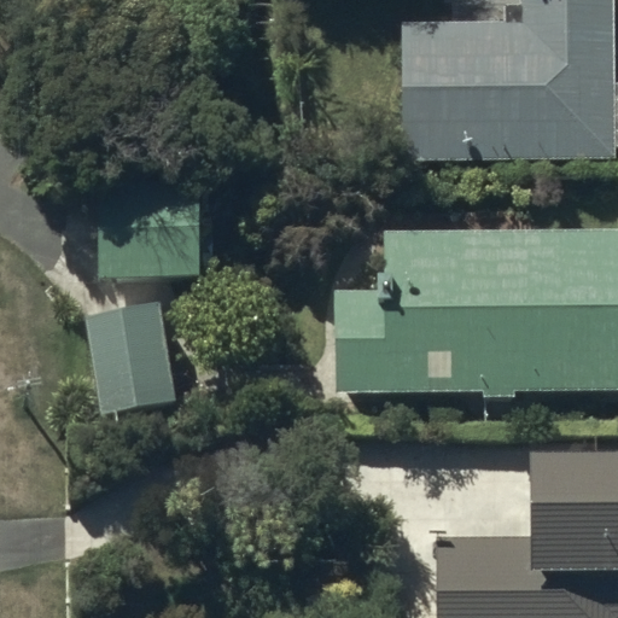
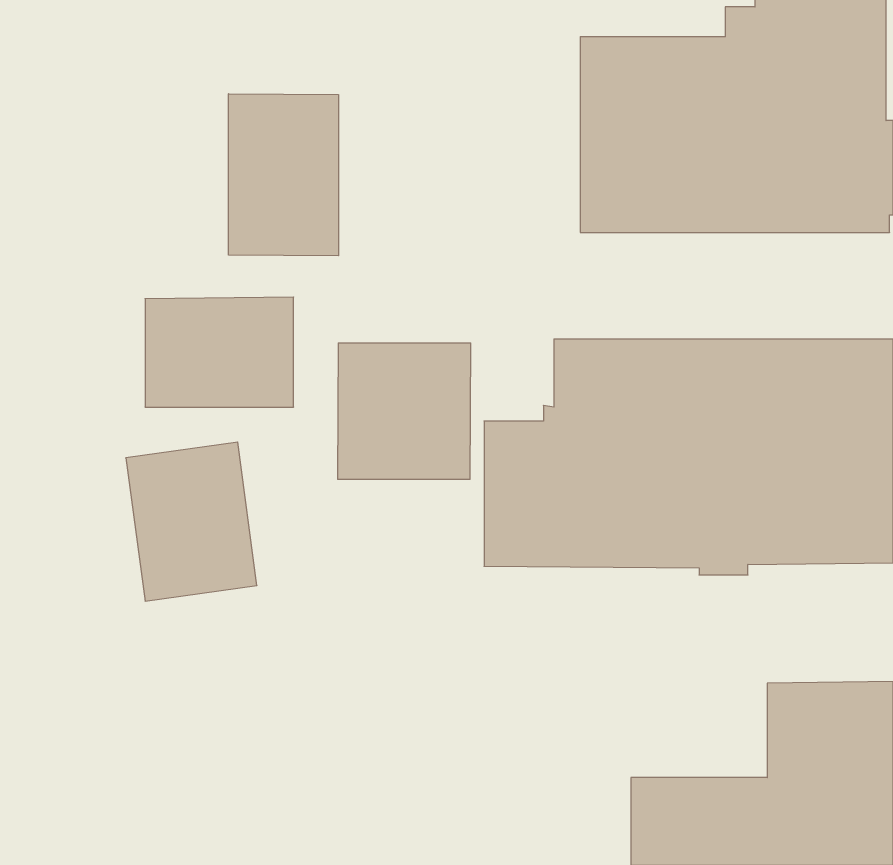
building: none -> [229,94,338,256]
building: none -> [338,343,471,479]

